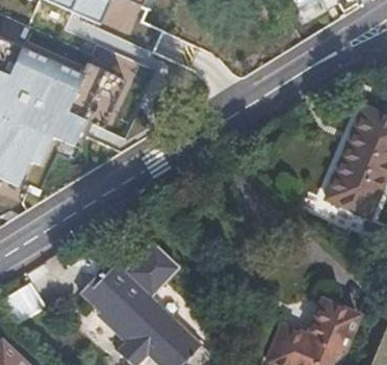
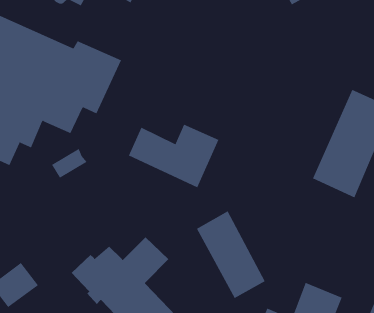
building: none -> [128,124,219,188]
building: none -> [196,210,265,299]

